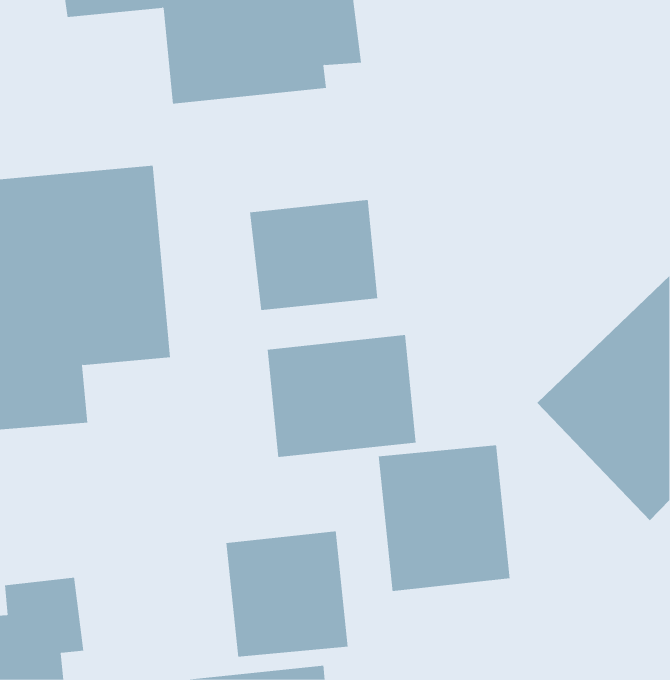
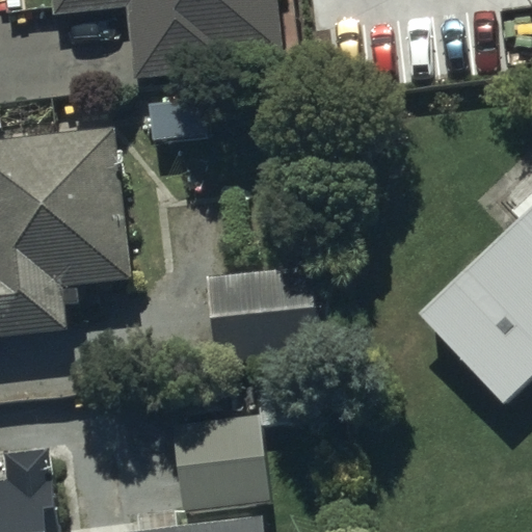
building: [250,199,378,311] -> none
building: [378,444,510,592] -> none

